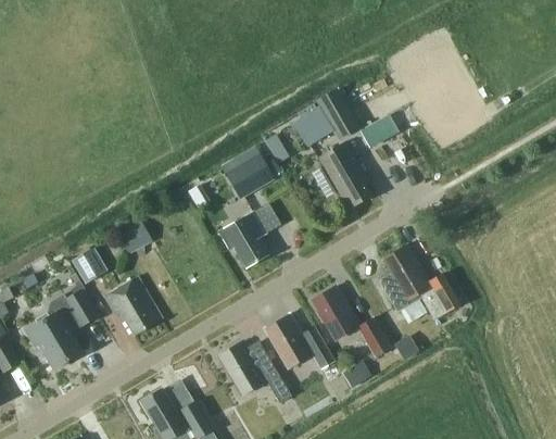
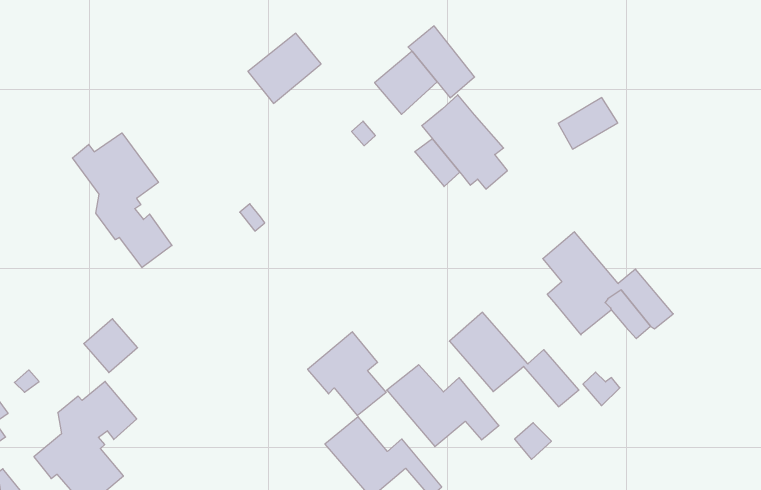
building: [361,113,400,143] -> [558,98,618,149]
building: none -> [72,133,172,268]
building: [226,155,275,199] -> [248,33,321,103]
building: [219,211,268,266] -> [308,332,386,415]
building: [118,223,152,254] -> none
building: [105,276,162,334] -> none

